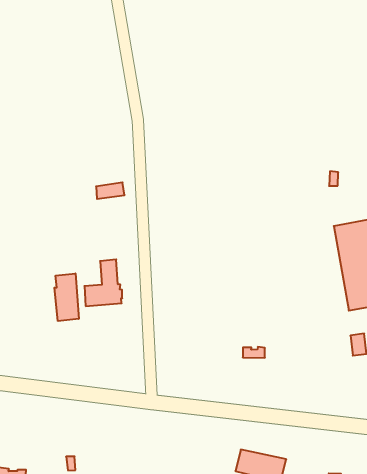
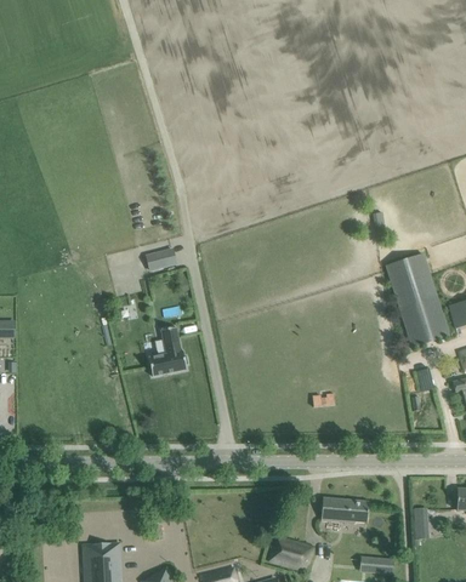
building: [54,273,79,321] -> none

